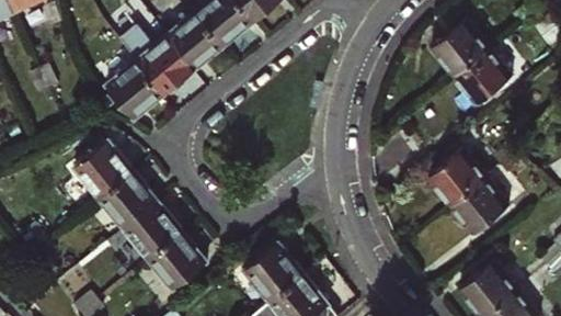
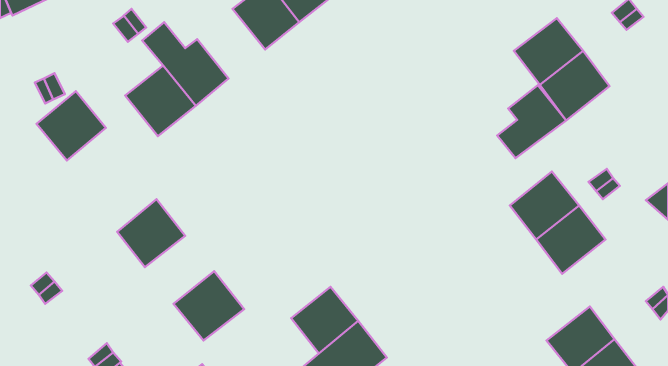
building: [165,12,222,70] -> none
building: none -> [497,85,566,158]
building: [73,140,131,199] -> [37,91,106,161]
building: [122,202,180,259] -> none

